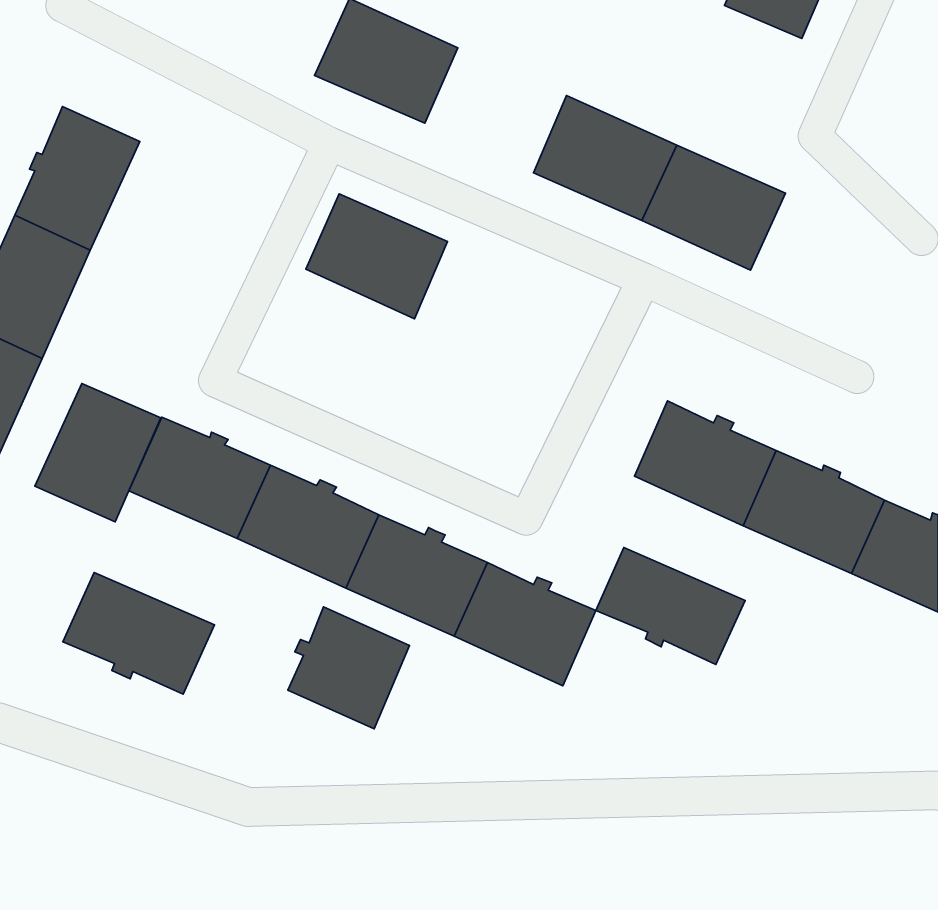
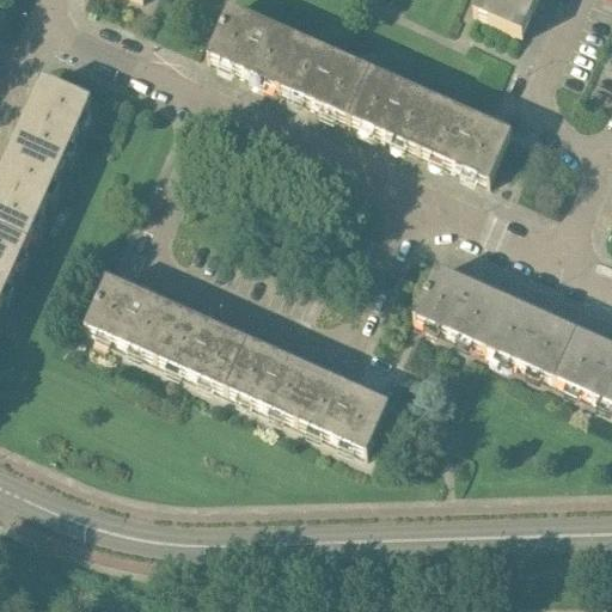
building: [306,194,448,319] -> [276,31,368,112]
building: [35,383,161,522] -> none
building: [596,547,745,664] -> none
building: [63,573,214,694] -> none
building: [288,607,410,729] -> none

